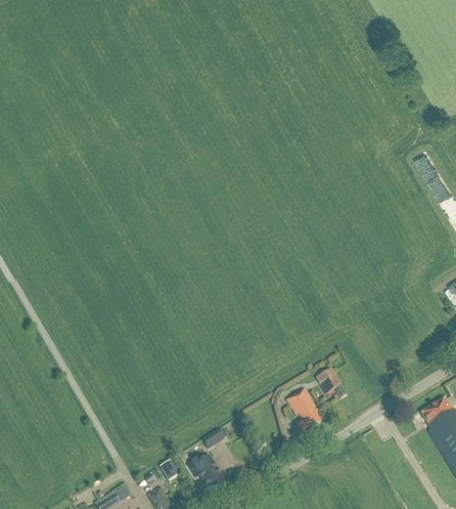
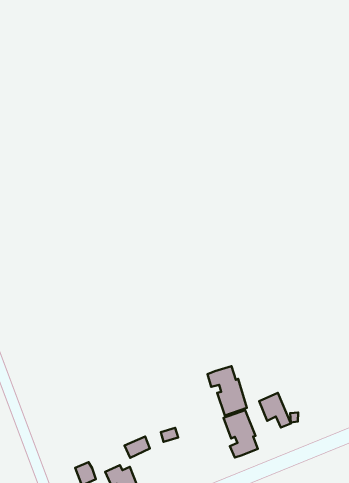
building: none -> [208,366,247,416]

